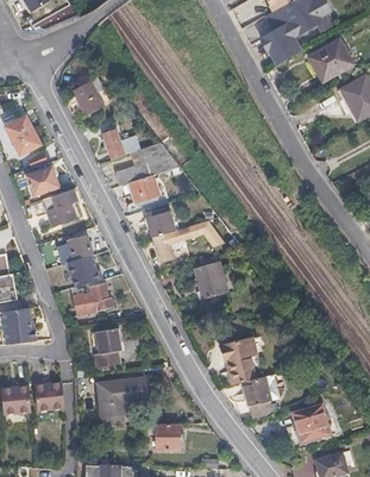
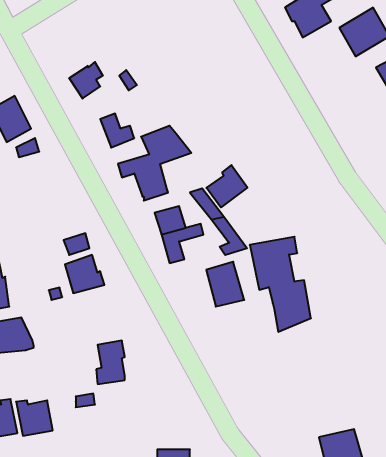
building: [25,167,57,195] -> none
building: none -> [206,165,247,207]
building: [42,188,76,226] -> none
building: [73,284,113,318] -> none
building: [226,338,280,421] -> [250,237,311,332]
building: [99,381,148,416] -> none

